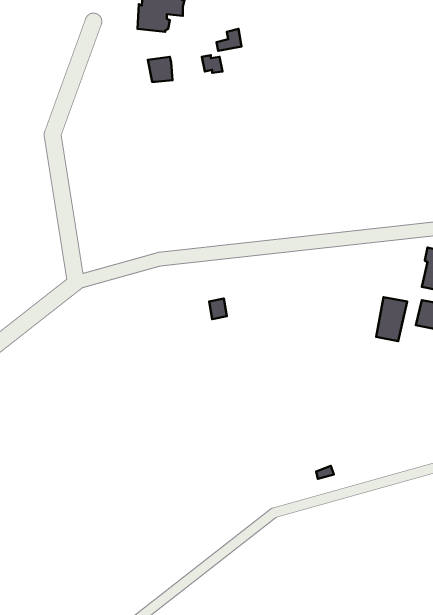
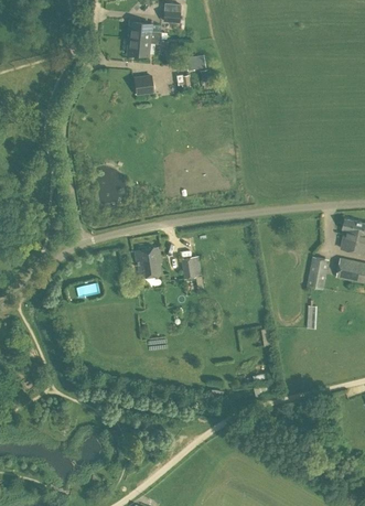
building: none -> [133,247,160,278]

